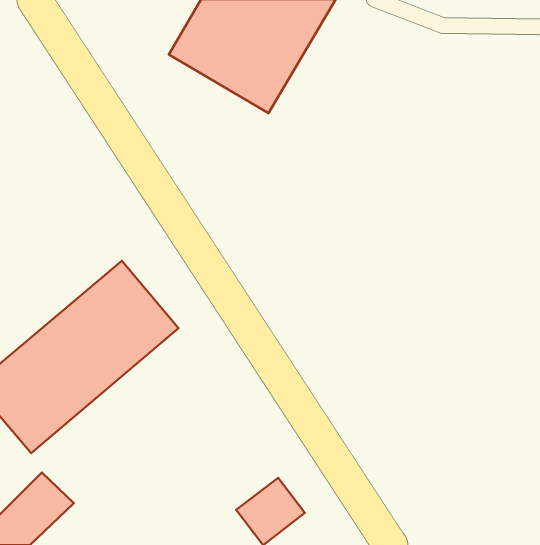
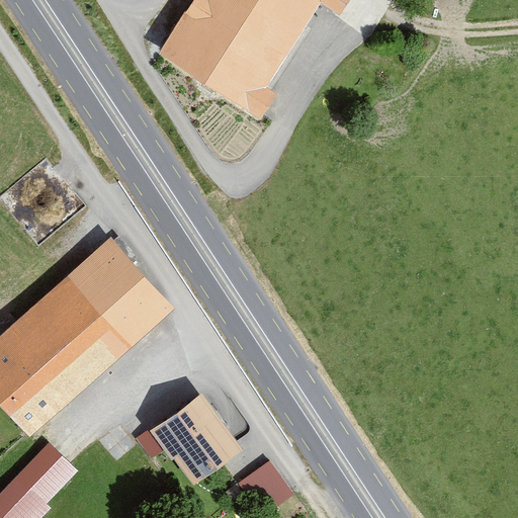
building: none -> [159,397,241,483]

